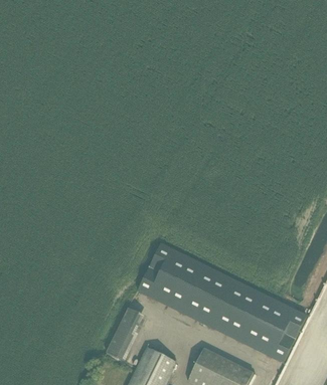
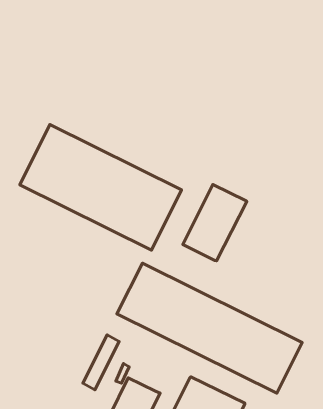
building: none -> [20,124,181,250]
building: none -> [183,184,247,261]

